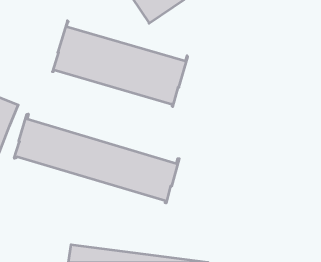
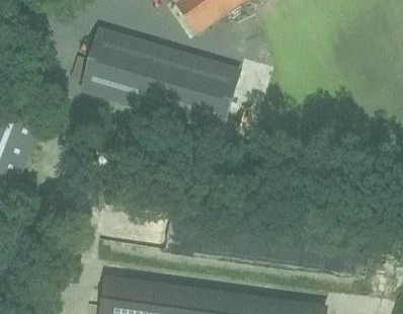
building: [14,114,179,203] -> none

